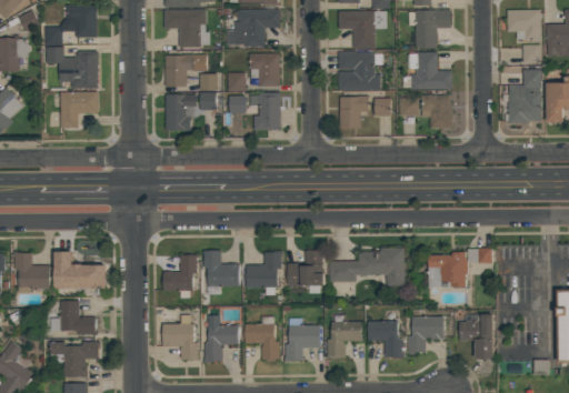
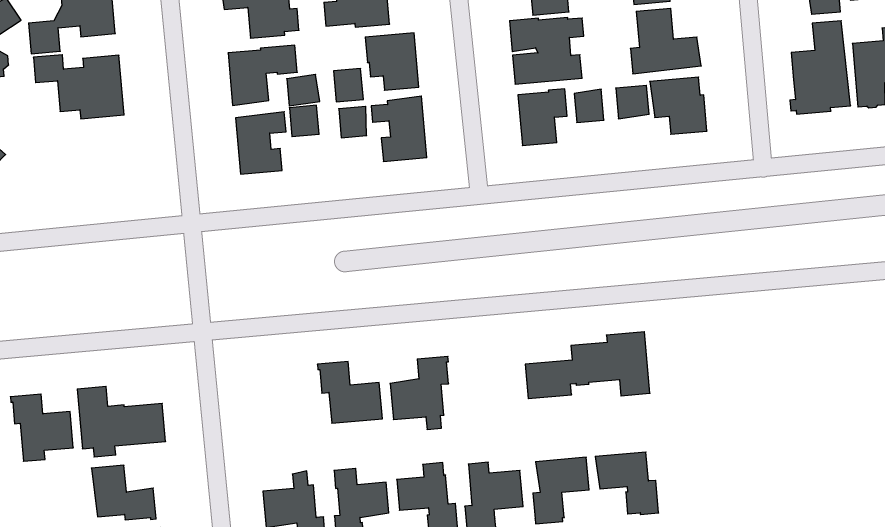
building: [60,91,98,128] -> none
building: [428,249,491,288] -> none
building: [287,250,323,293] -> none
building: [163,255,198,290] -> none
building: [459,313,493,359] -> none
building: [408,318,442,355] -> none

